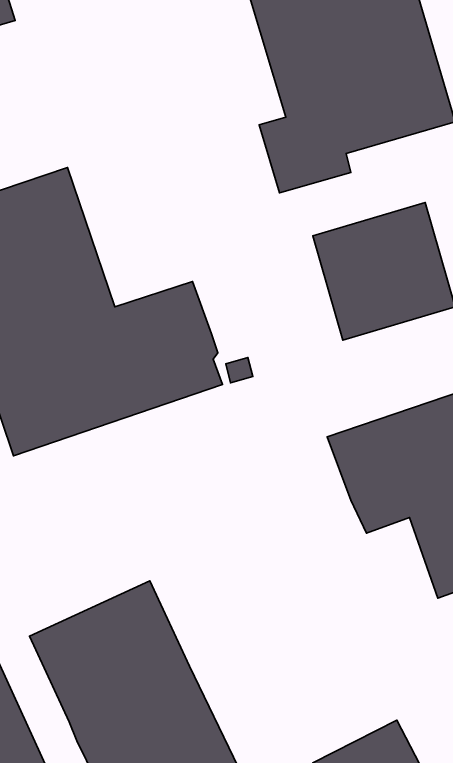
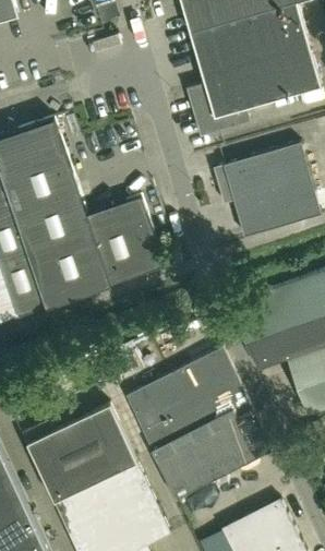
building: none -> [125,347,265,500]

